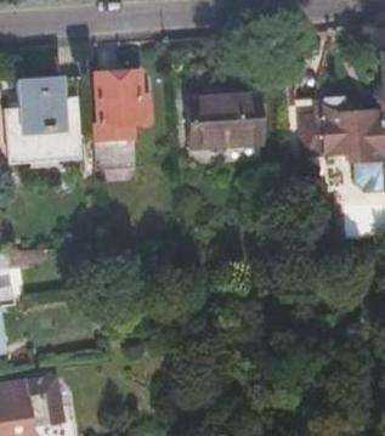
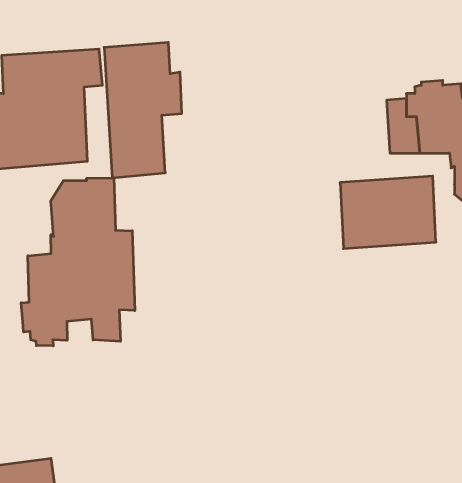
building: [188,92,259,146] -> [340,176,436,249]
building: none -> [21,178,135,346]

